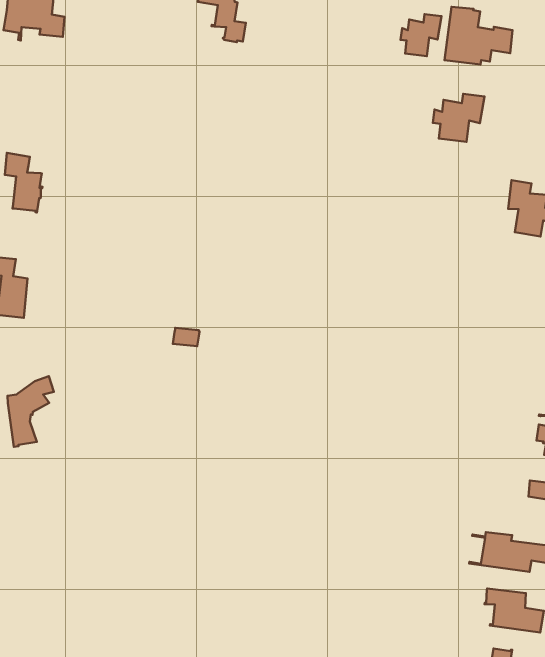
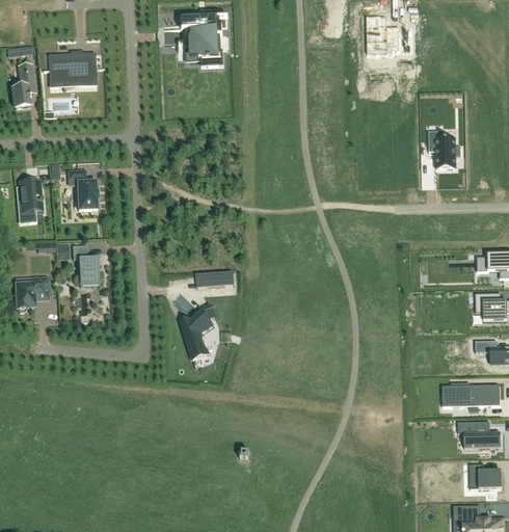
building: [401,14,441,56] -> none
building: [433,94,485,142] -> none
building: [8,376,54,447] -> [182,304,214,358]

